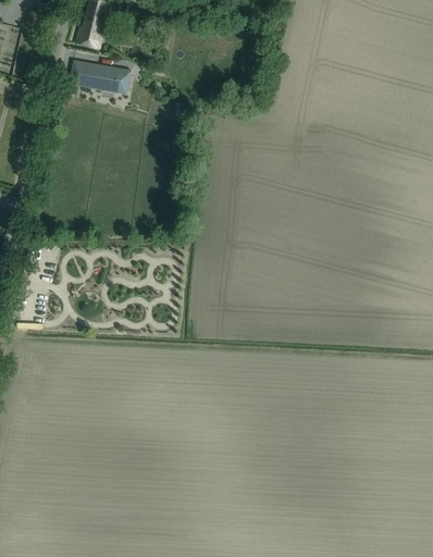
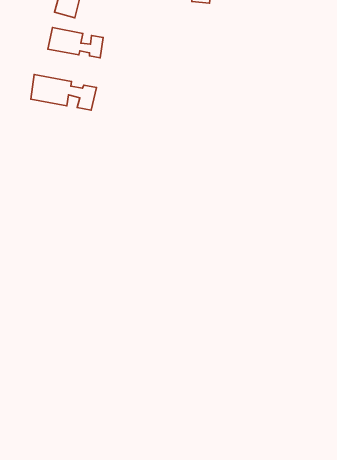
building: none -> [31,75,96,110]

